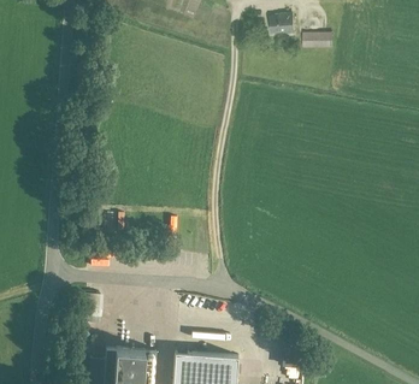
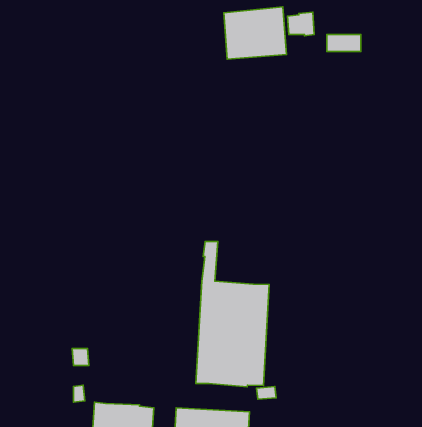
building: none -> [224,7,286,59]
building: none -> [196,242,269,387]

